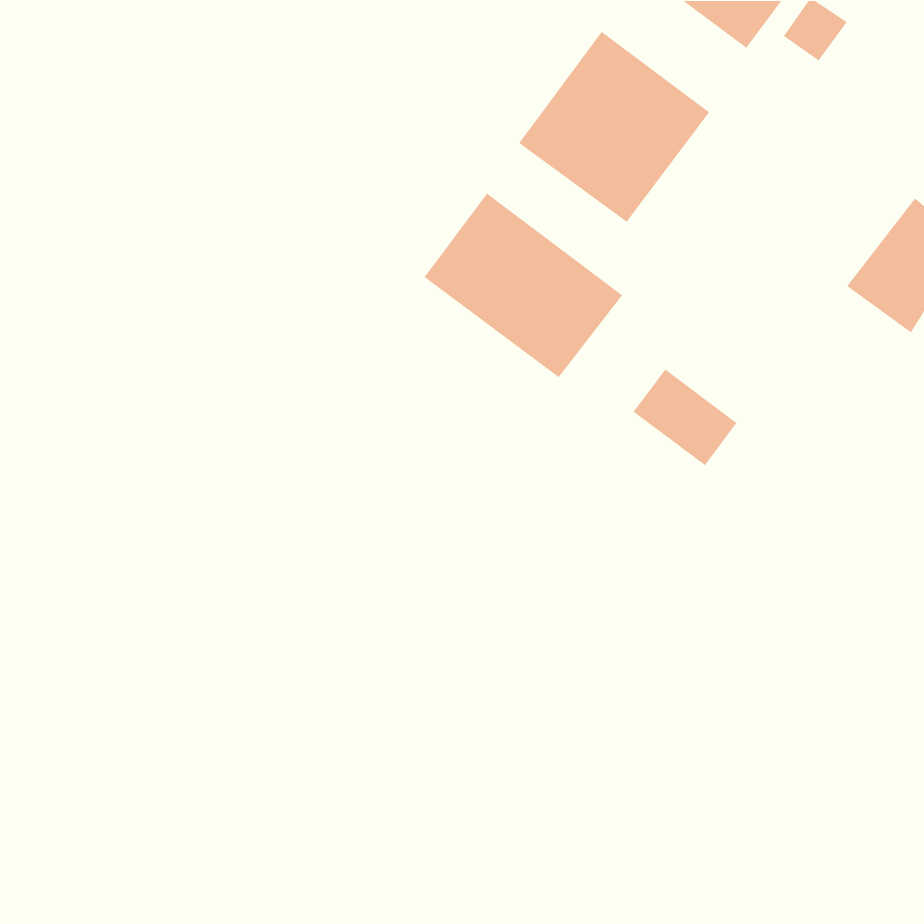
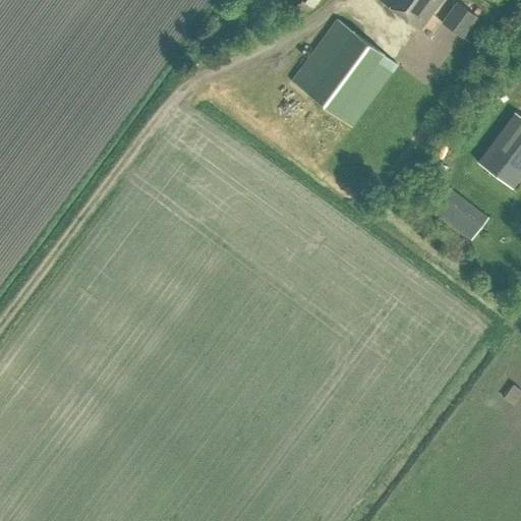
building: [424,192,623,378] -> none
building: [633,368,738,466] -> [432,189,491,244]

